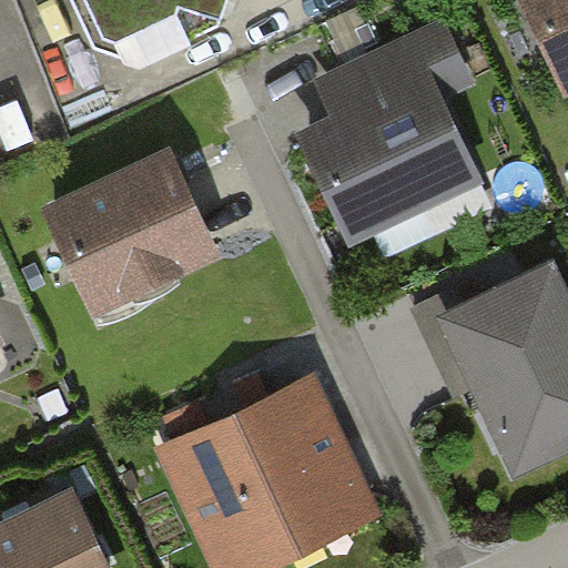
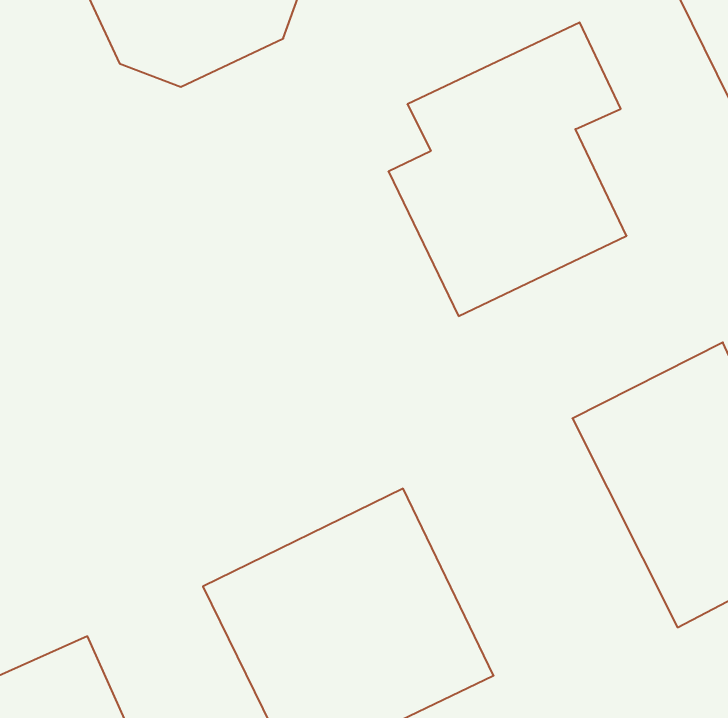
building: [42,151,217,321] -> none

